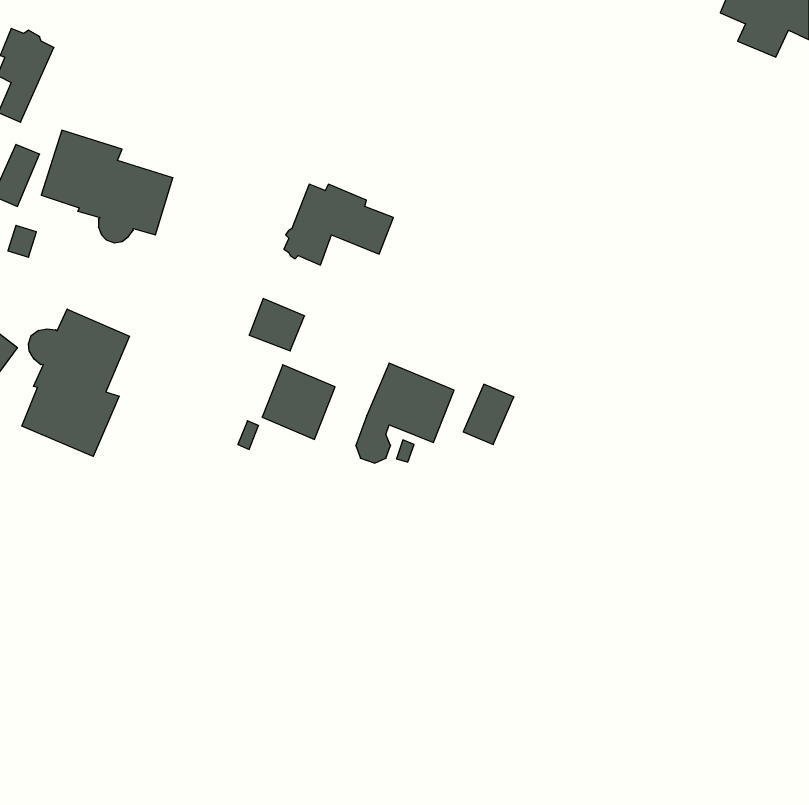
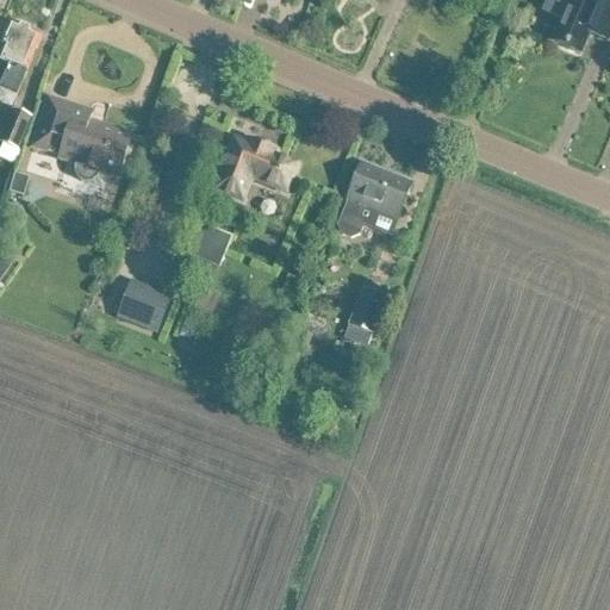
building: [22,309,130,456] -> none
building: [356,363,454,463] -> [336,162,410,237]
building: [262,365,335,439] -> [116,278,170,334]

